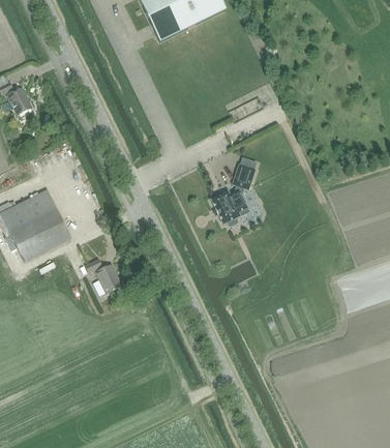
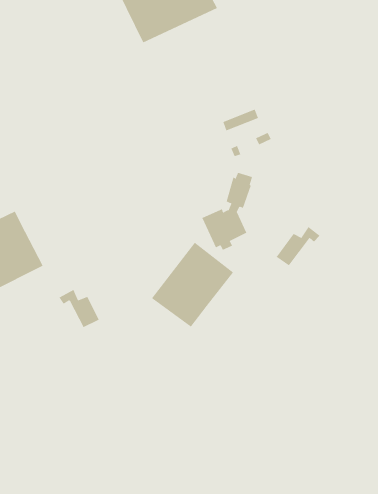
building: none -> [276,226,320,266]
building: none -> [151,242,234,327]

